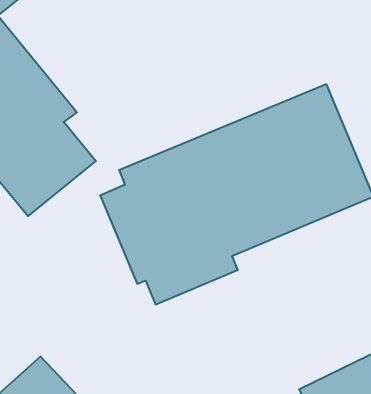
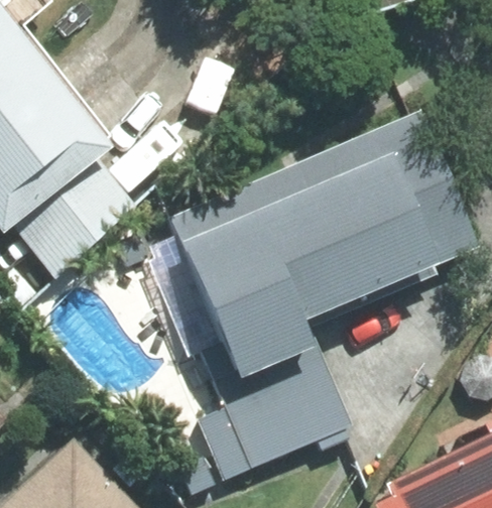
building: none -> [198,338,351,480]

